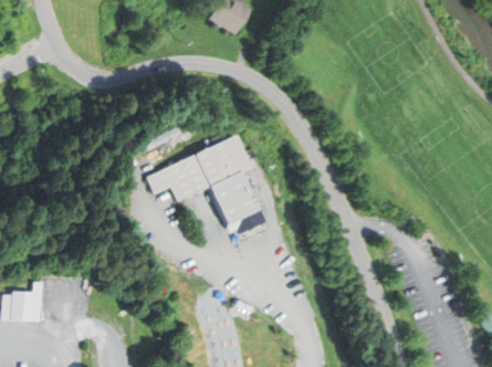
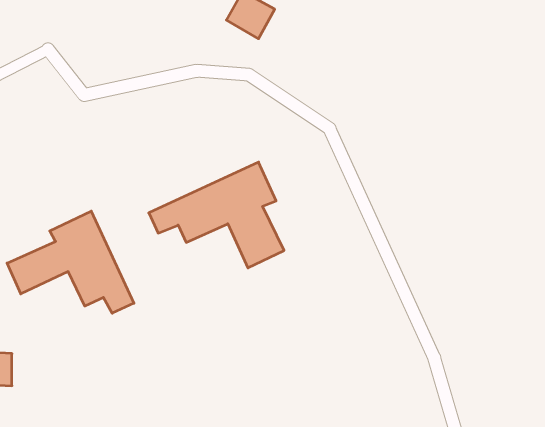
building: none -> [7,211,134,313]

